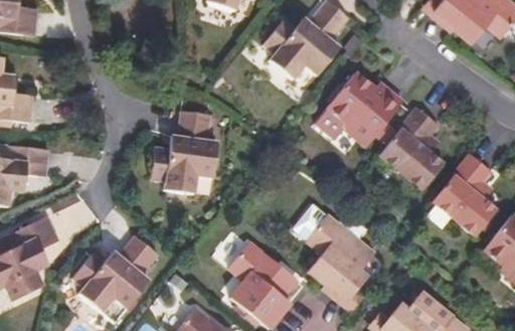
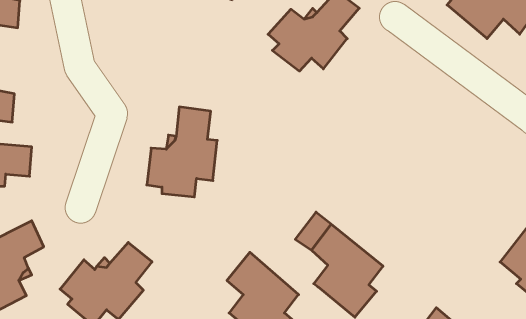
building: [327,74,401,148] -> none
building: [378,110,442,192] -> none
building: [432,156,494,238] -> none

